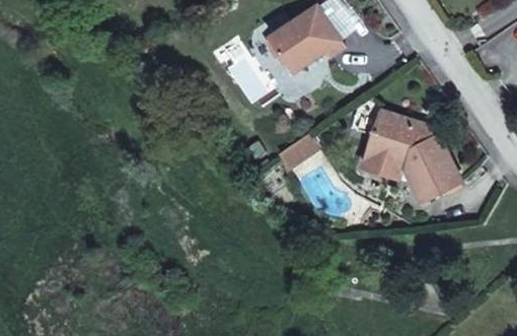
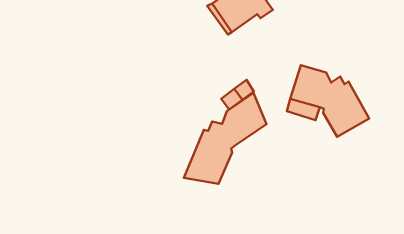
building: none -> [184,93,266,184]

